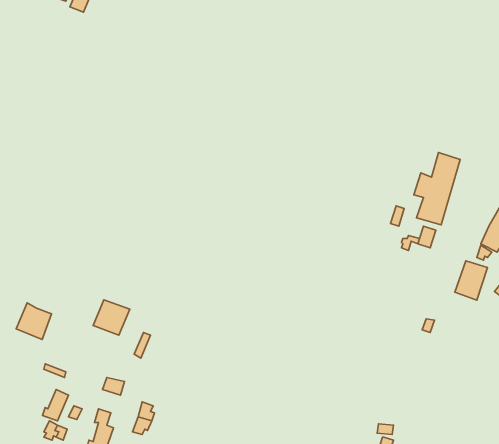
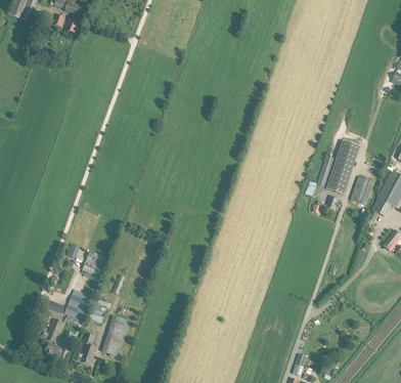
building: [455,261,488,300] -> [349,175,373,205]
building: [16,303,52,340] -> [63,293,90,321]

